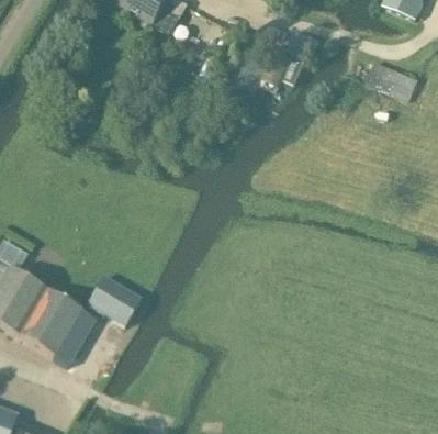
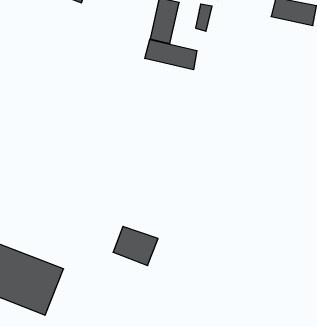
building: none -> [145,39,197,70]
building: [89,276,141,323] -> [113,226,158,266]

